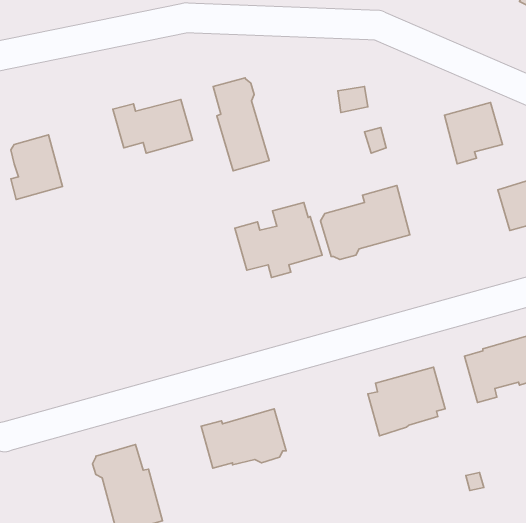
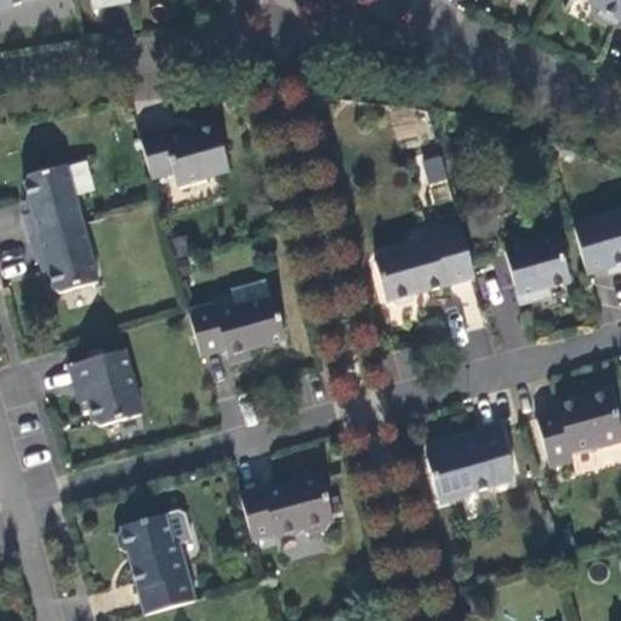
building: [213,78,269,171] -> none
building: [444,102,502,164] -> [505,234,570,303]
building: none -> [30,222,98,291]
building: [235,202,322,278] -> [188,279,286,364]
building: none -> [68,348,142,425]

